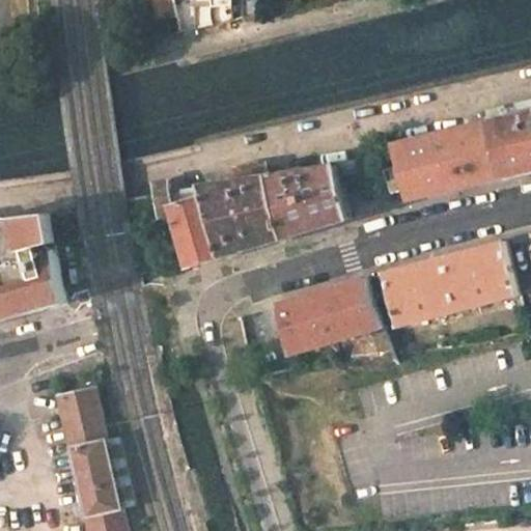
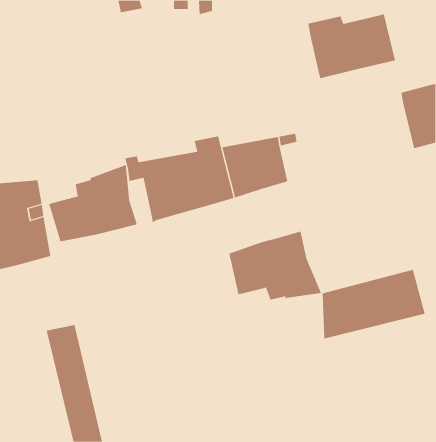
building: [390,122,496,200] -> [308,14,396,79]
building: none -> [48,164,138,242]
building: [390,242,514,326] -> [322,269,426,339]

